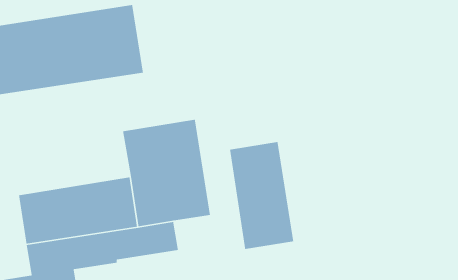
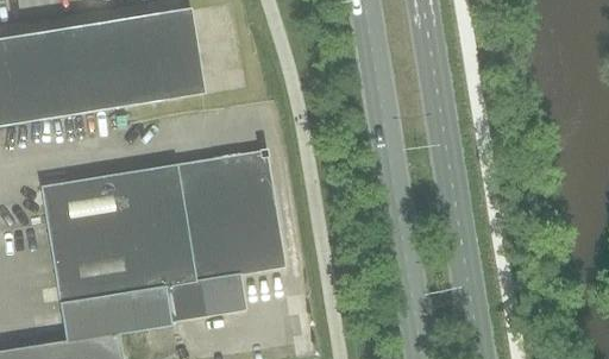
building: none -> [39,164,186,243]
building: [229,141,294,250] -> none

